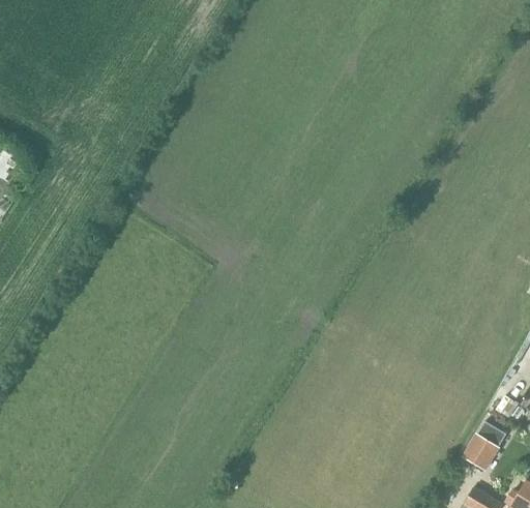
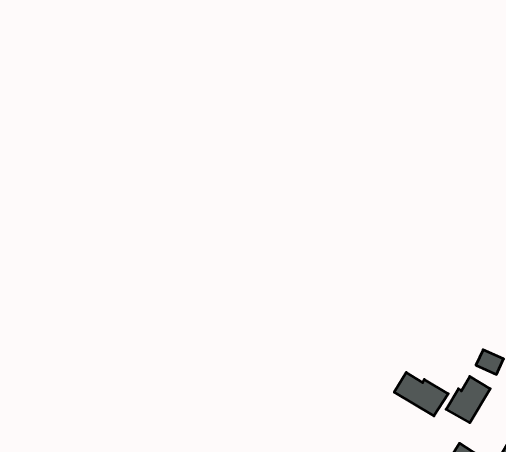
building: none -> [394,372,448,416]

